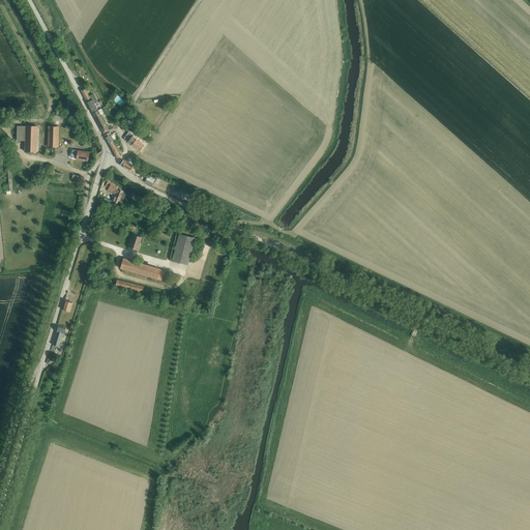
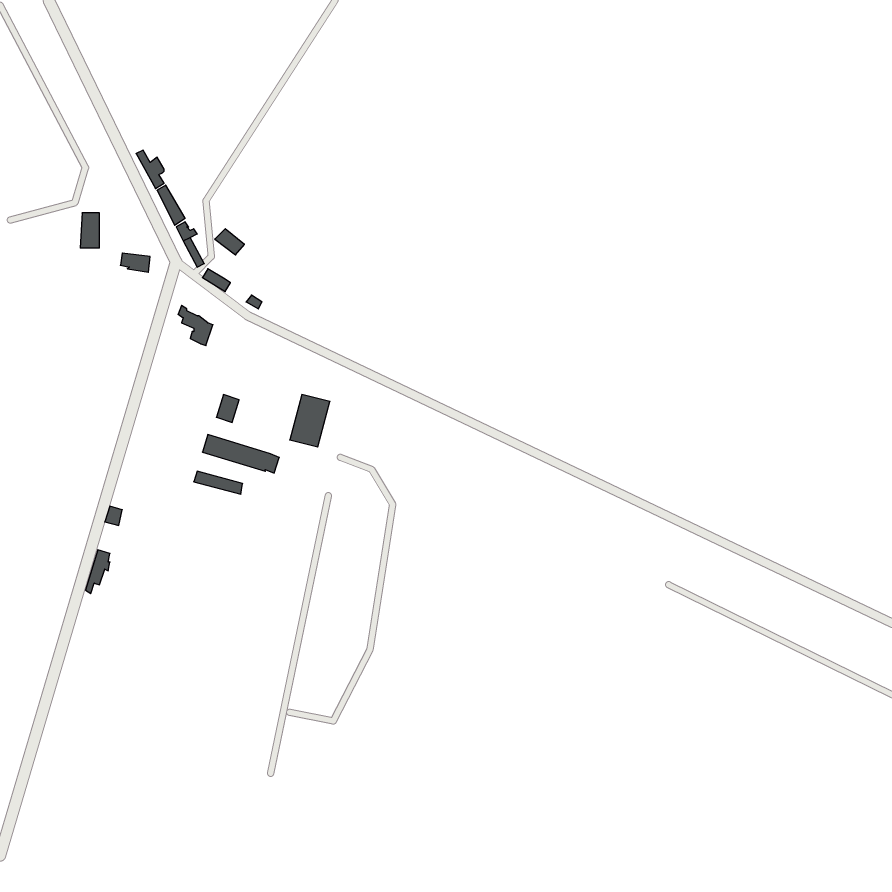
building: [17,125,38,152] -> none

